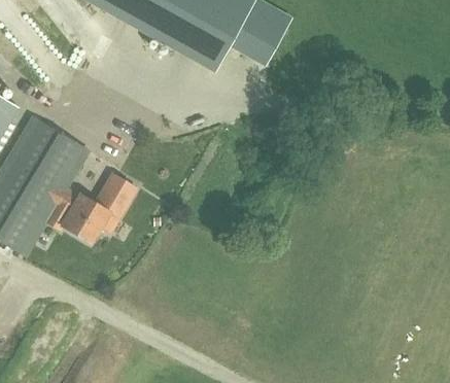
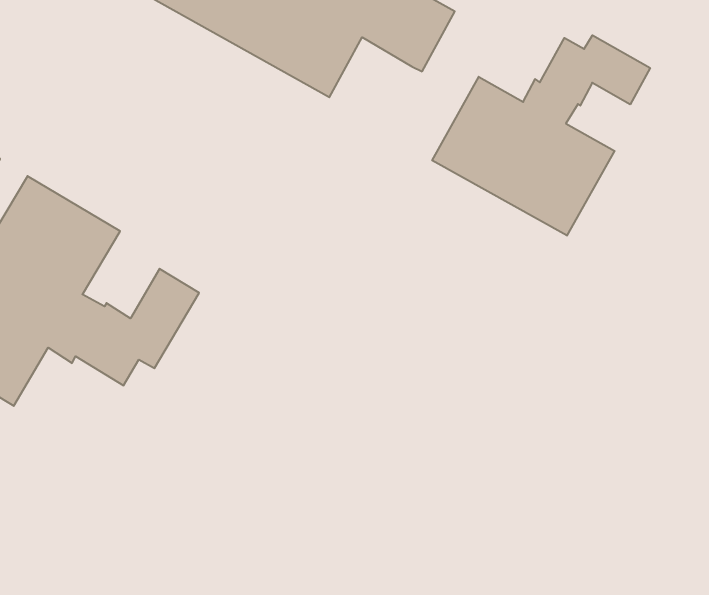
building: none -> [432,35,650,236]

